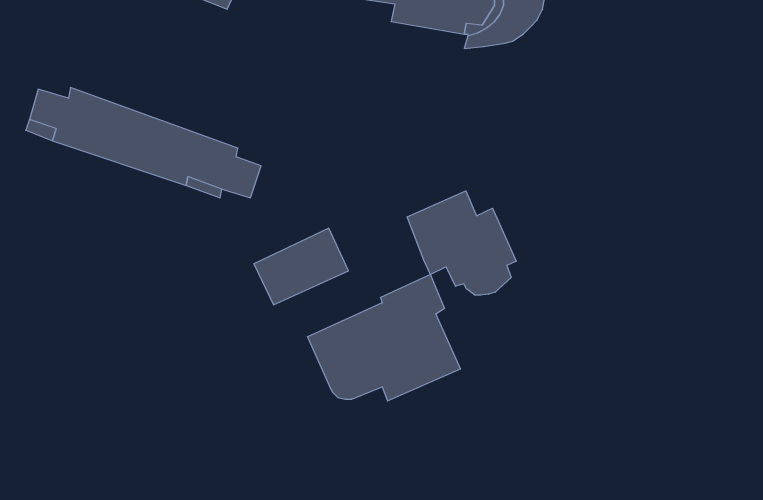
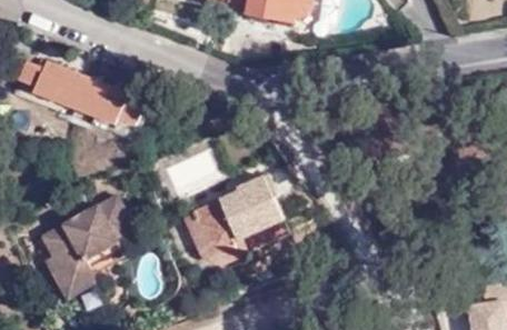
building: [407,191,516,295] -> none
building: none -> [40,194,132,296]

